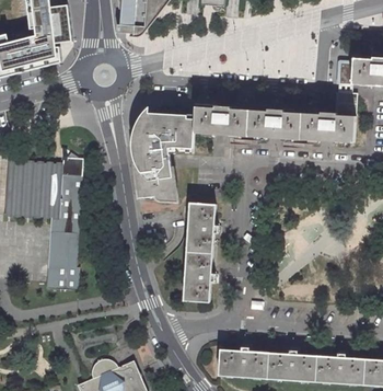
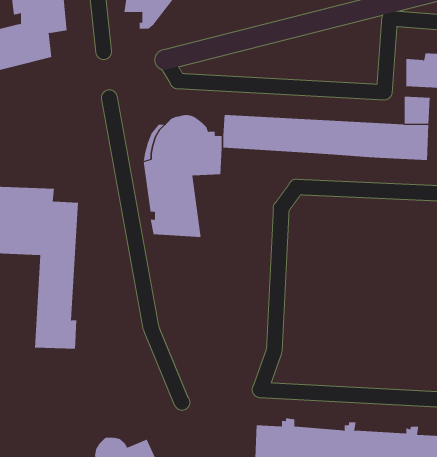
building: [184,203,220,301] -> none

